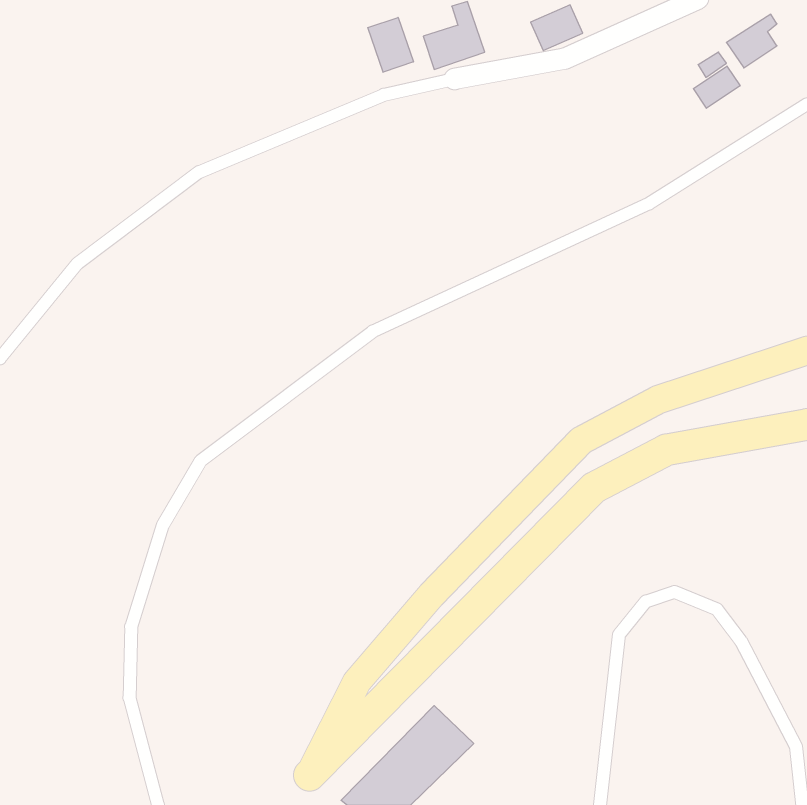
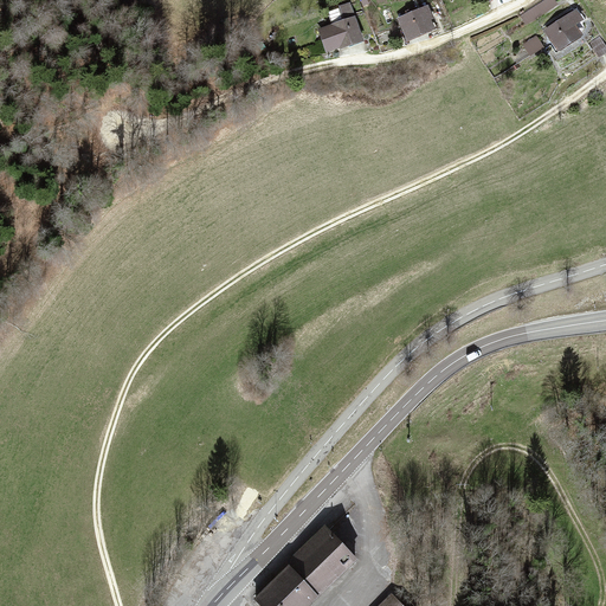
building: [368,17,413,72] -> none
building: [693,66,740,108] -> none

